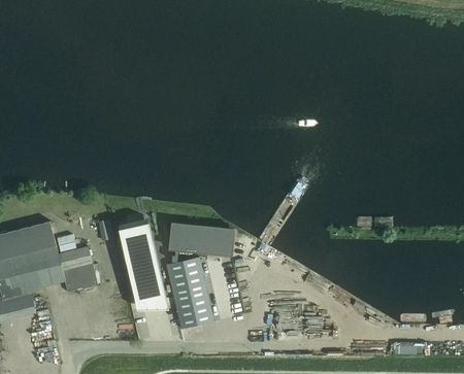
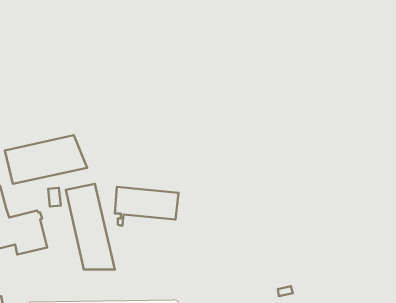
building: none -> [5,135,87,184]
building: [167,258,213,329] -> none

